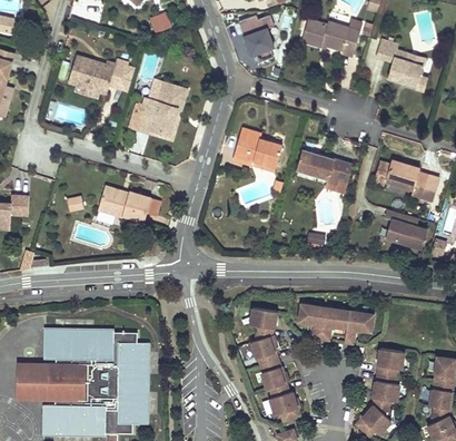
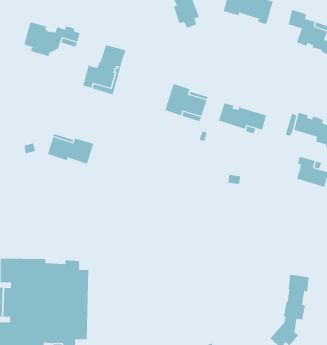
building: [299,304,374,344] -> none
building: [248,307,297,420] -> none

